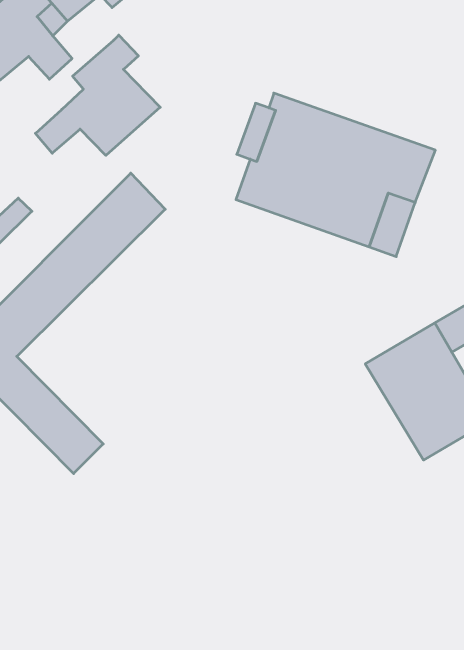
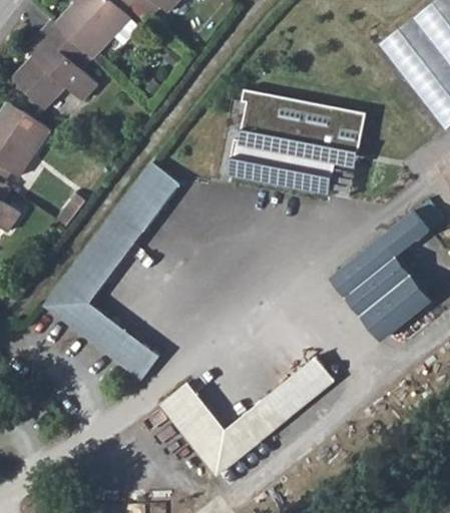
building: [35,35,160,155] -> none
building: none -> [160,356,334,473]

